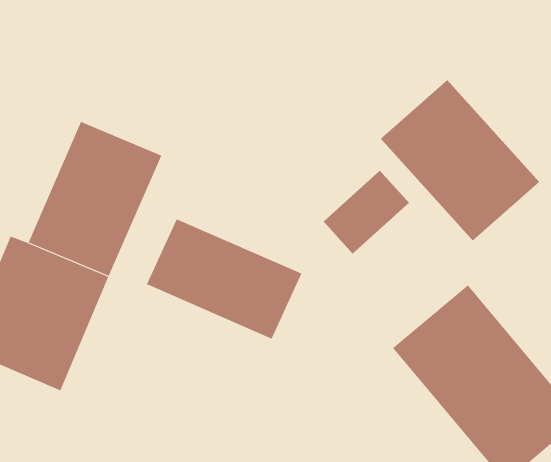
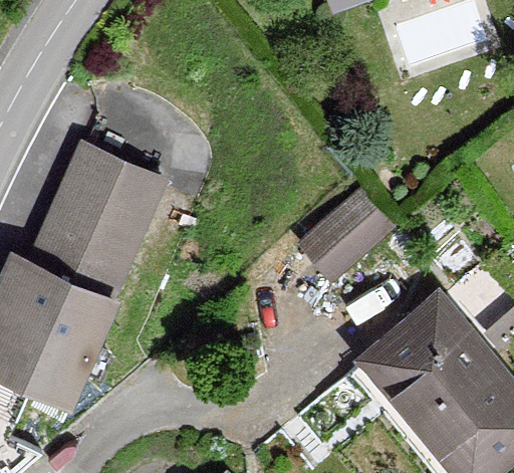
building: [380,79,540,241] -> none
building: [146,218,302,340] -> none

